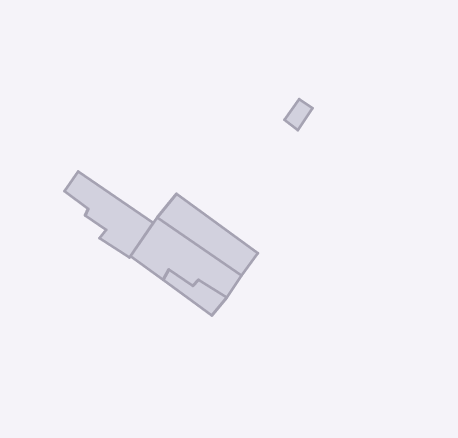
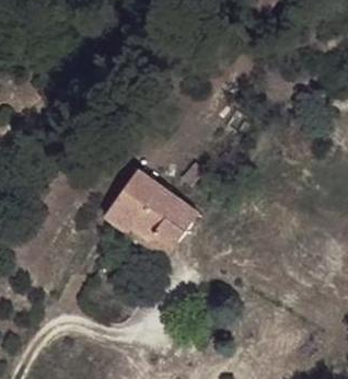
building: [64,172,153,257] -> none

